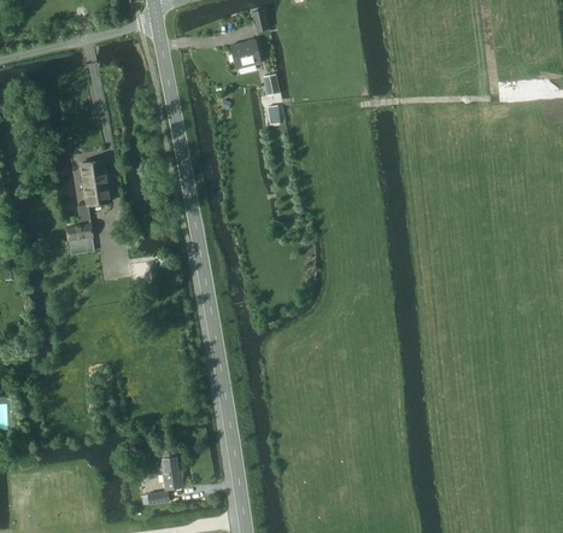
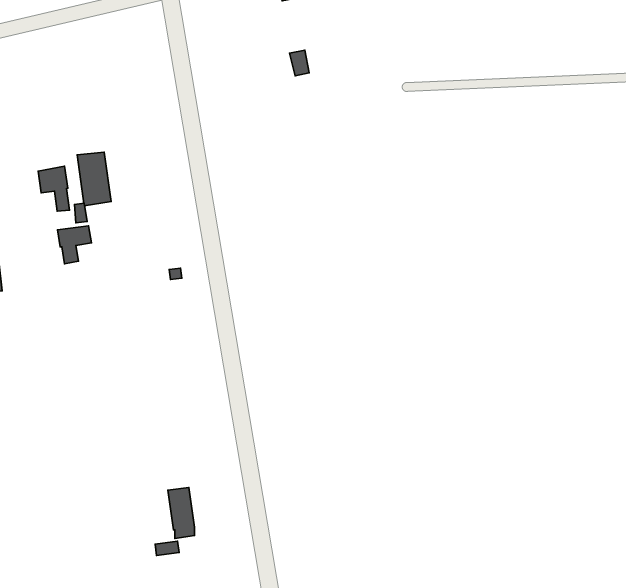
building: [230,39,260,69] -> none
building: none -> [38,166,70,211]

